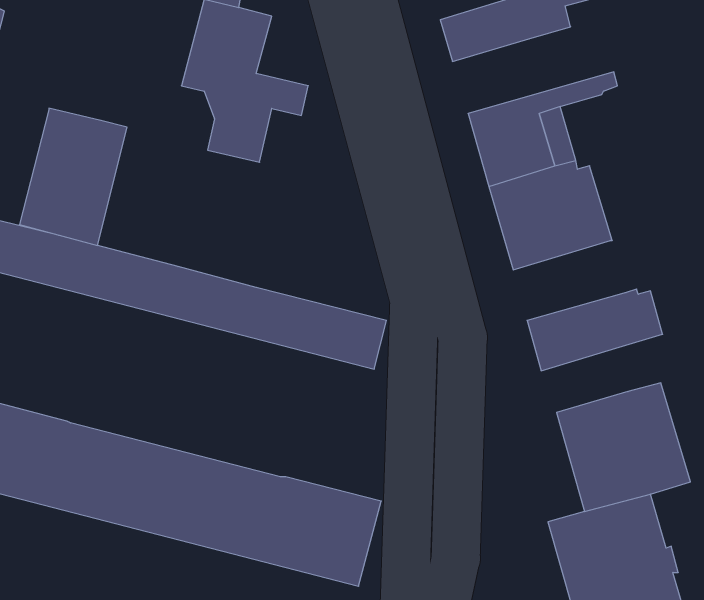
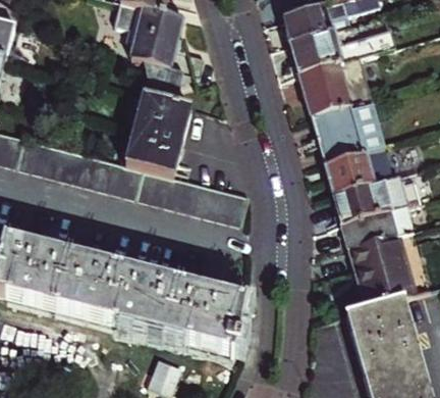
building: none -> [287,28,391,72]
building: [19,108,127,245] -> [126,94,189,175]
building: none -> [323,147,389,194]
building: none -> [339,210,390,248]

